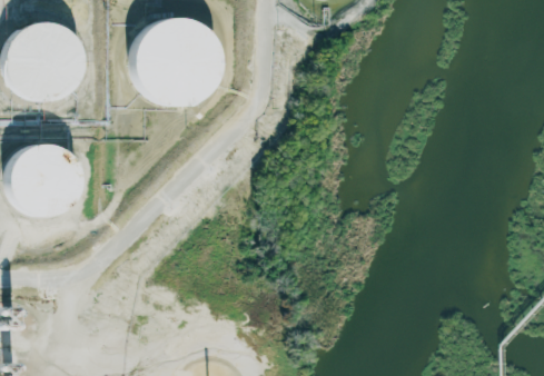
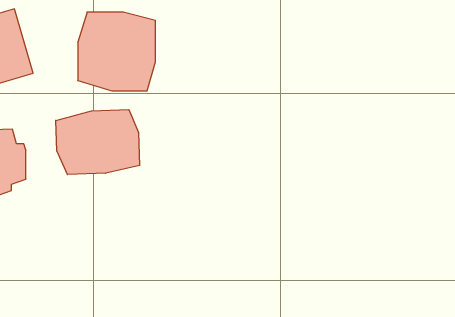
building: none -> [56,110,140,175]

